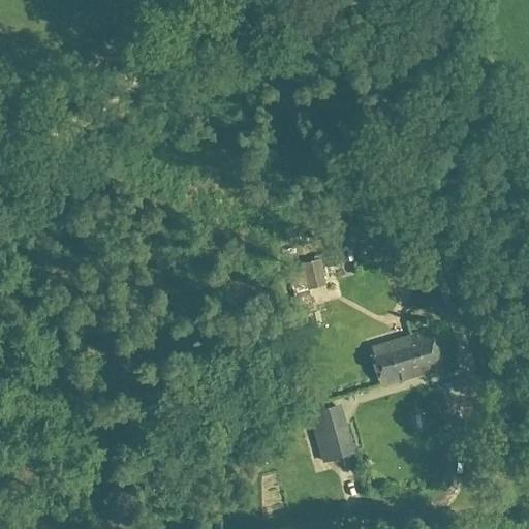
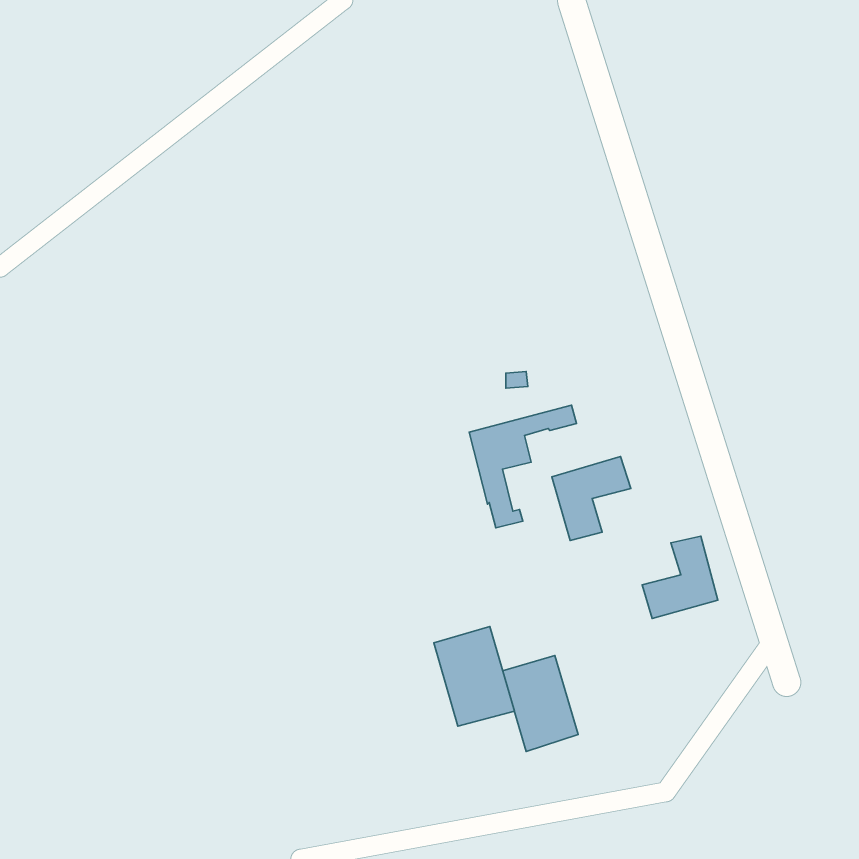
building: [370,334,418,385] -> [552,457,631,541]
building: none -> [434,627,514,726]

